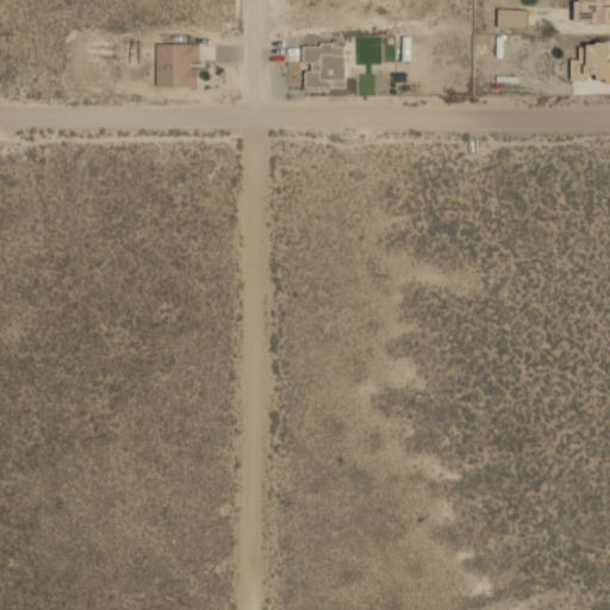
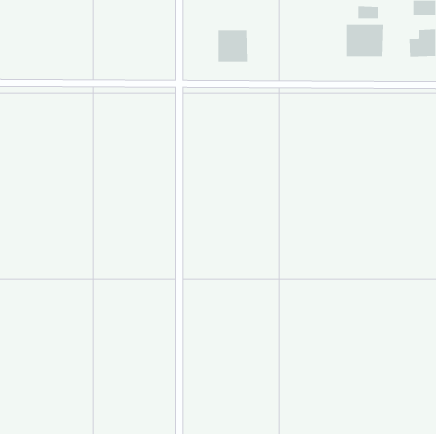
building: none -> [346,24,384,57]
building: [156,44,199,87] -> none

